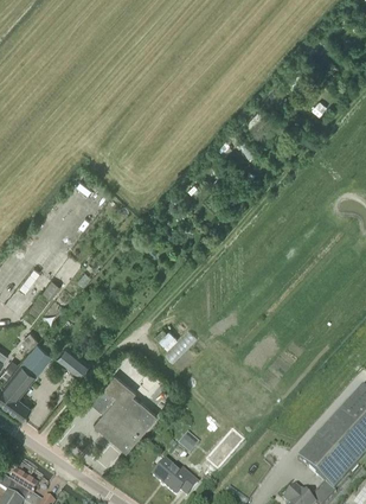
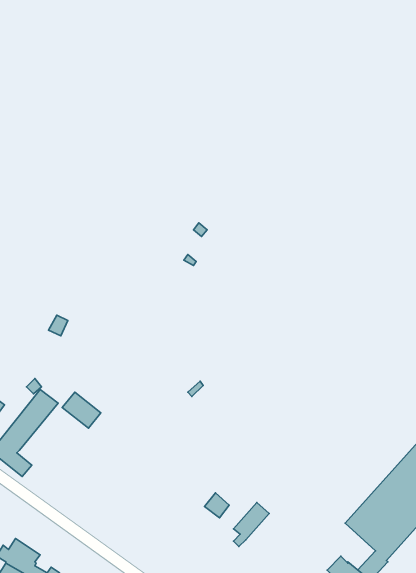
building: [94,372,156,448] -> none
building: [153,459,197,493] -> none

